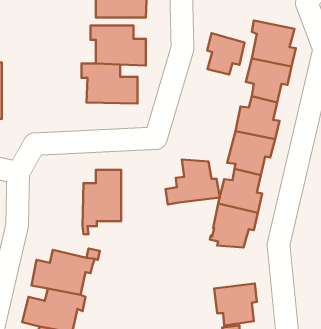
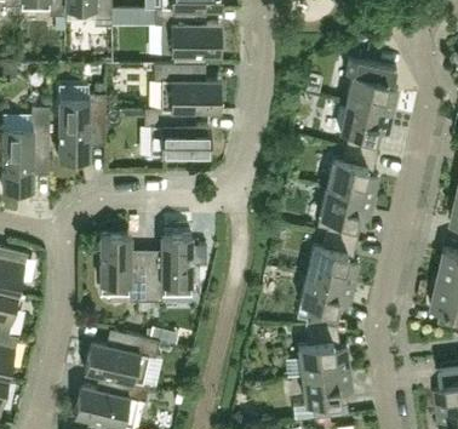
building: [207,33,244,74] -> none
building: none -> [57,84,104,161]
building: [166,159,220,204] -> [285,325,349,378]
building: none -> [99,235,145,302]

